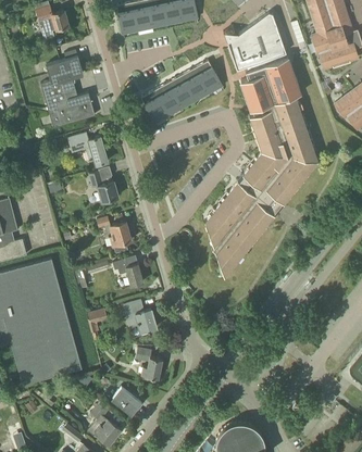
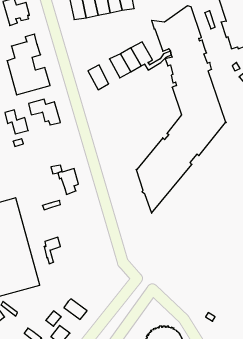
building: [157,83,183,114] -> none
building: [88,172,117,202] -> [5,110,28,134]
building: [112,255,142,287] -> none
building: [123,300,155,334] -> none
building: [135,347,162,380] -> none

